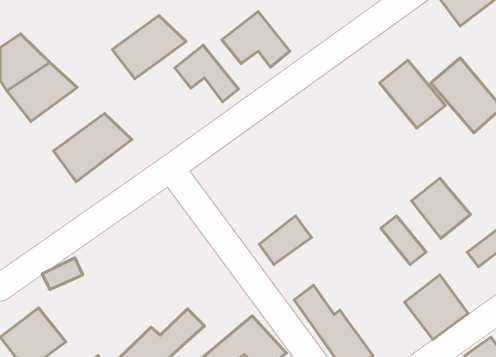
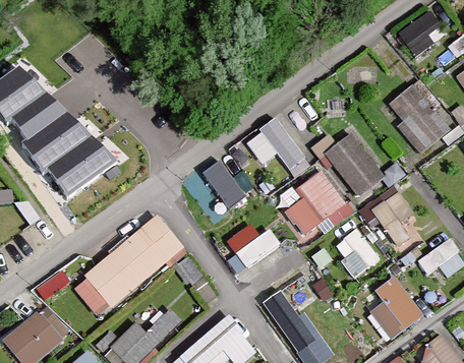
building: [222,11,290,67] -> [241,120,302,170]
building: [112,15,186,79] -> [27,113,94,170]
building: [175,45,238,102] -> [193,162,250,213]
building: [379,60,445,128] -> [326,136,385,197]
building: none -> [284,172,343,237]
building: none -> [86,218,183,307]

